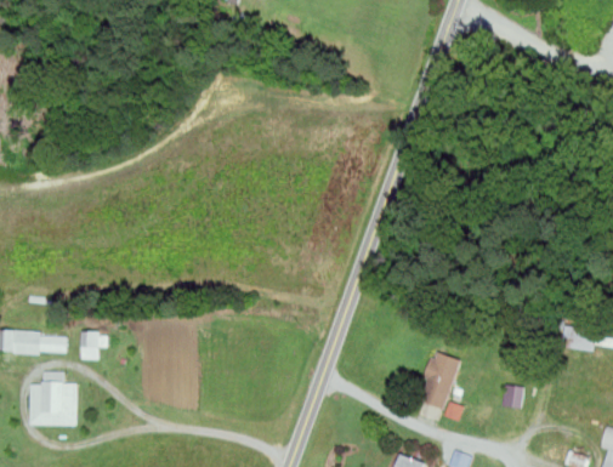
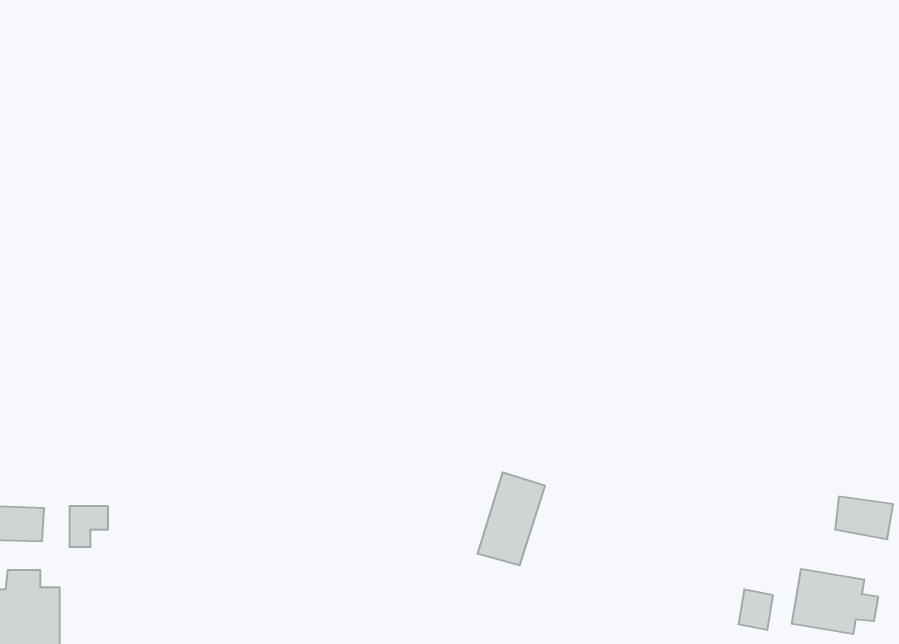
building: [418,352,460,410] -> [477,472,545,565]
building: none -> [792,569,878,634]

